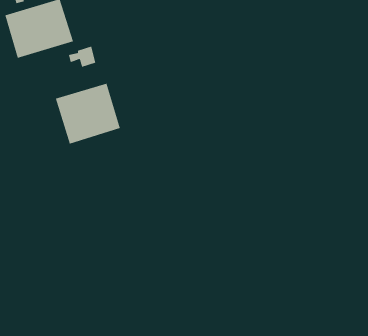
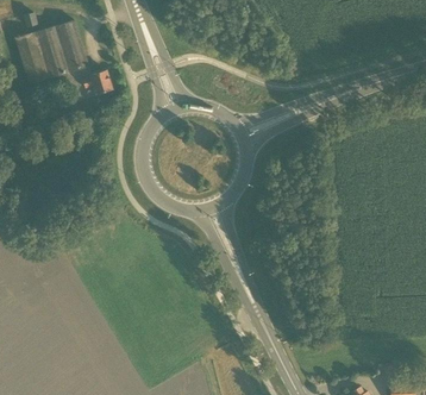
building: [55,83,121,145] -> none

